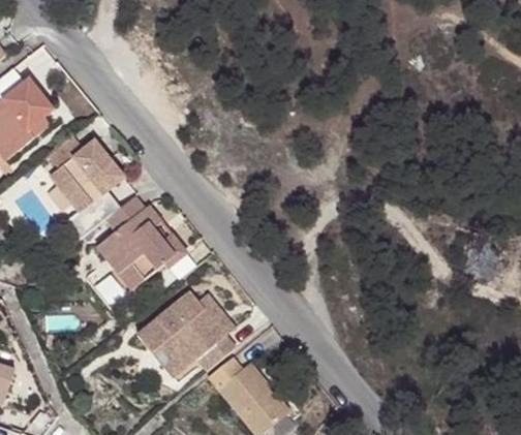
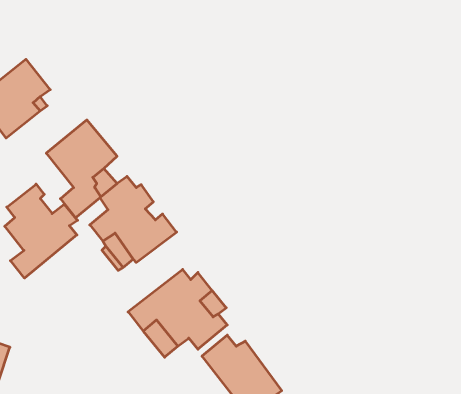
building: none -> [5,184,78,278]

